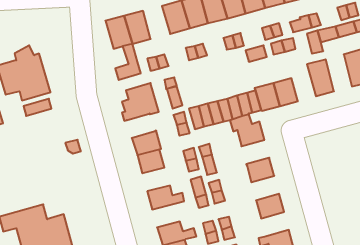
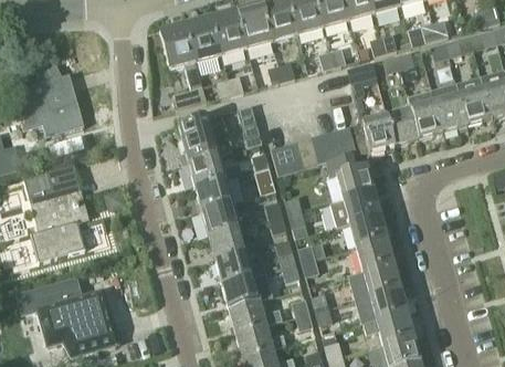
building: none -> [210,10,246,54]
building: none -> [456,75,492,125]
building: none -> [410,88,443,138]
building: none -> [188,155,242,188]
building: none -> [24,166,85,262]
building: none -> [332,190,380,229]
building: none -> [209,228,246,260]
building: none -> [356,239,393,272]
building: none -> [222,276,273,308]
building: none -> [369,287,407,321]

